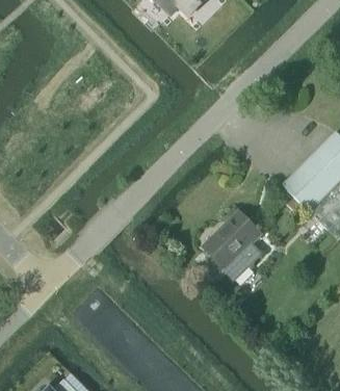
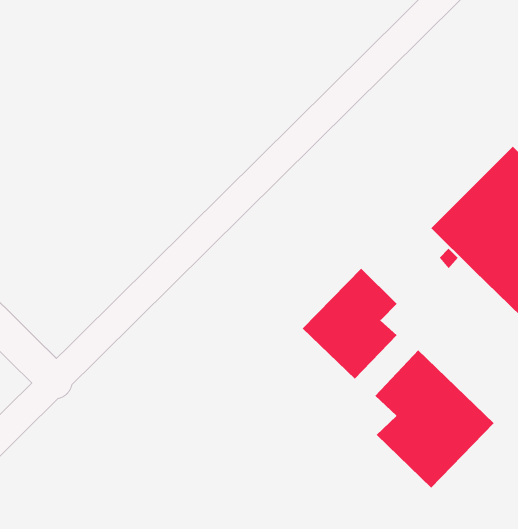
building: none -> [375,349,494,488]

